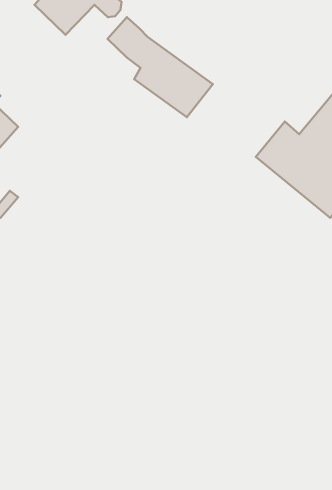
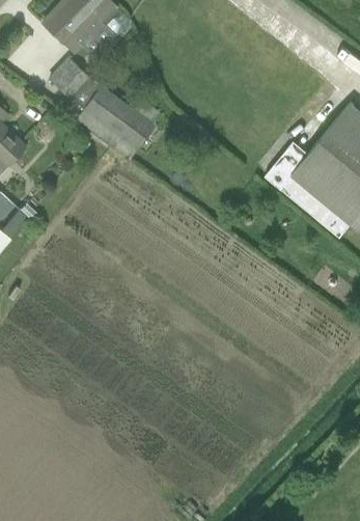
building: [107,17,213,117] -> [50,58,156,159]

